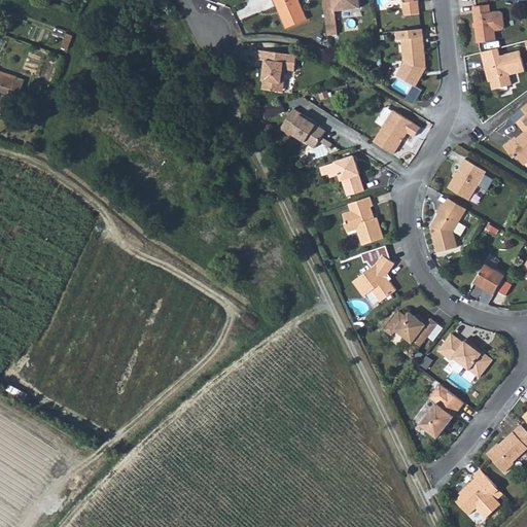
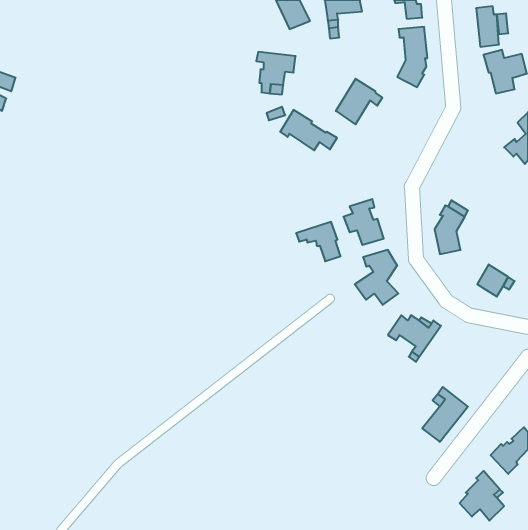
building: [372,109,418,154] -> [336,79,382,124]
building: [317,156,361,196] -> [296,222,341,261]
building: [448,159,486,200] -> none
building: [436,332,492,377] -> none

